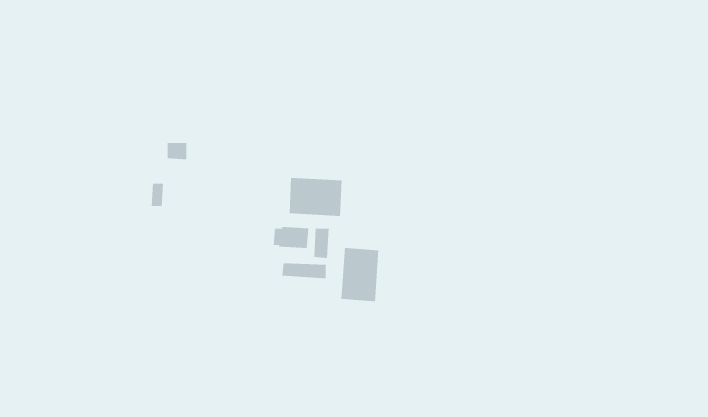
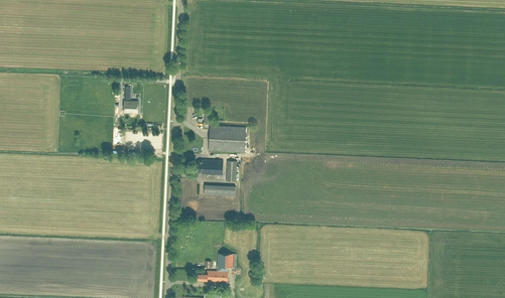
building: [341,247,379,302] -> none
building: none -> [197,253,236,281]

